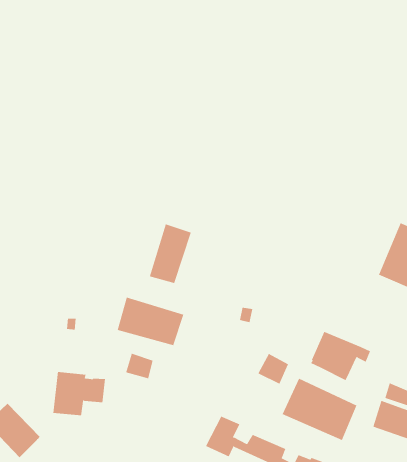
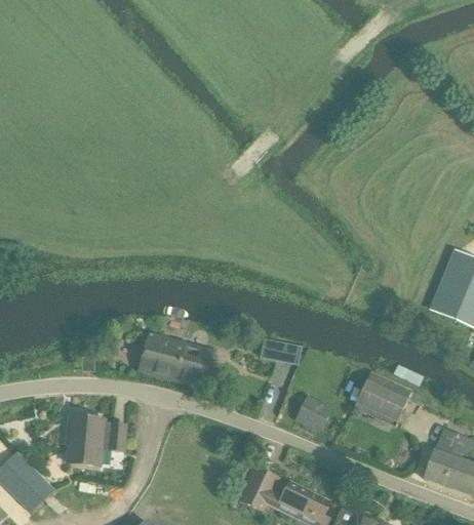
building: [149,224,191,284] -> none
building: [125,353,153,379] -> none
building: [282,378,357,441] -> none

